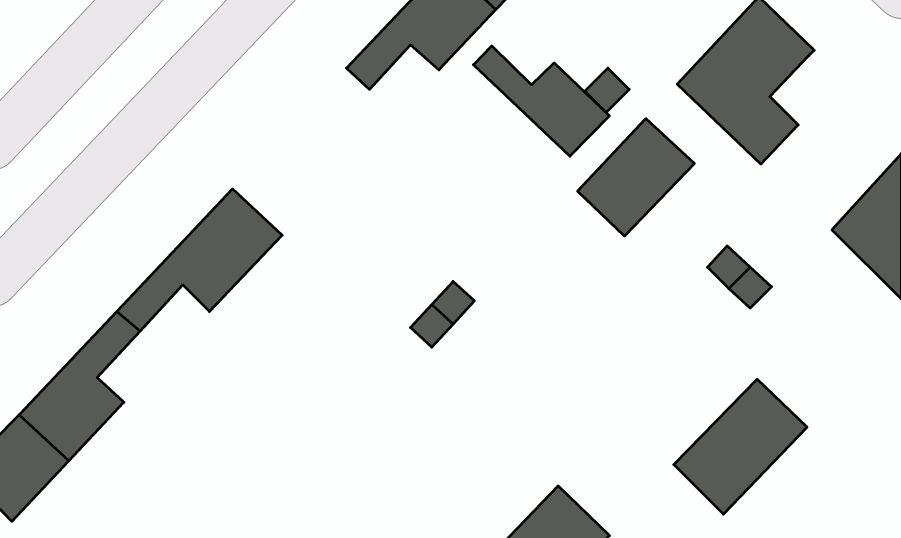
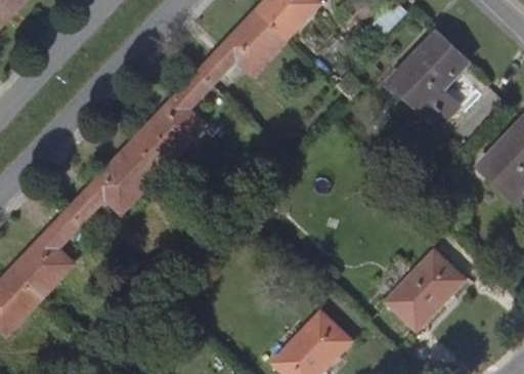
building: [473,46,609,156] -> none
building: none -> [134,72,213,168]
building: [578,119,694,236] -> none

